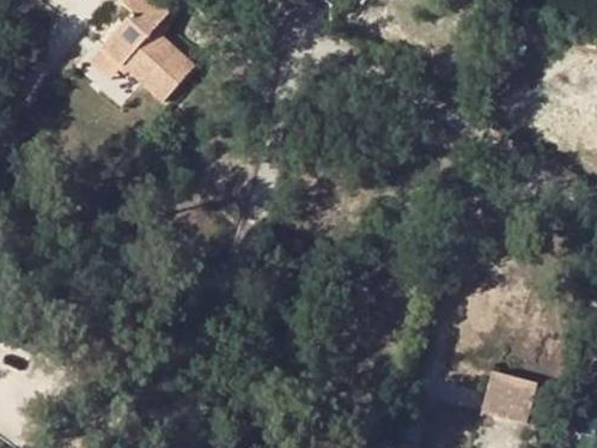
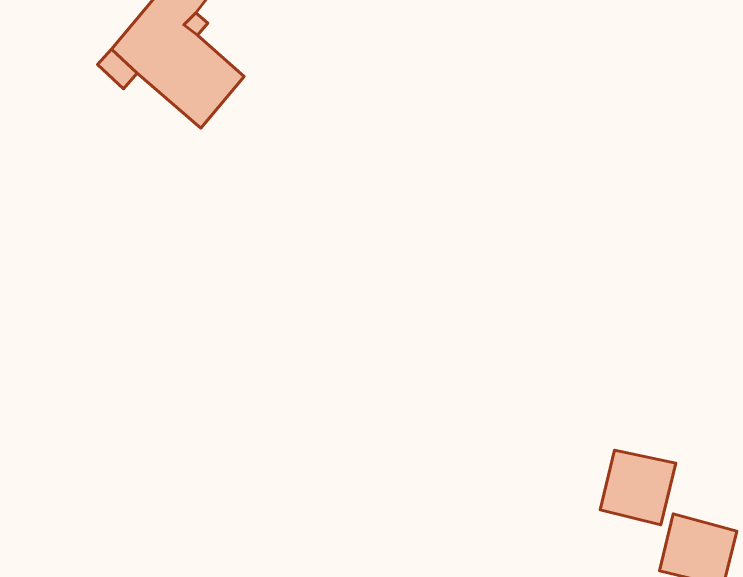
building: none -> [600,450,676,525]

